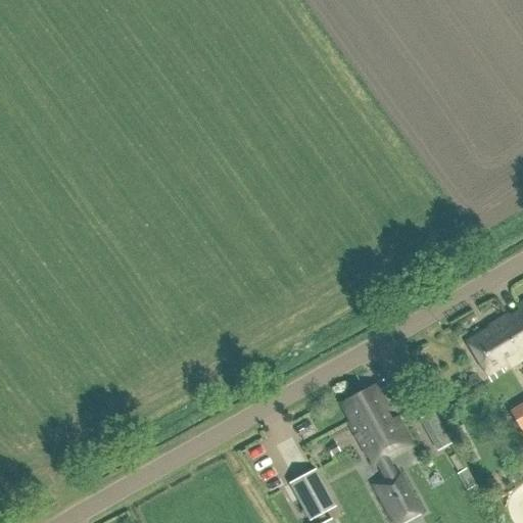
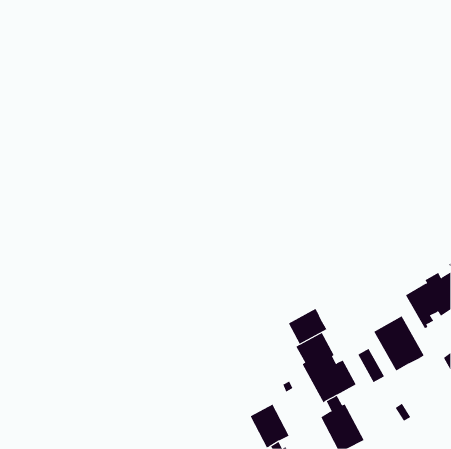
building: none -> [288,308,327,344]
building: none -> [373,316,425,372]

